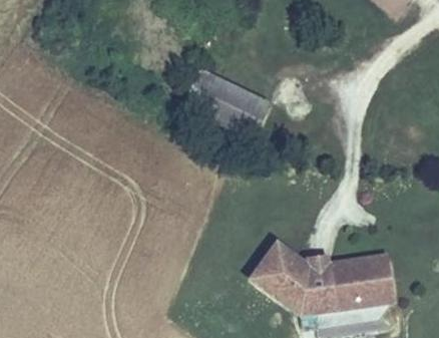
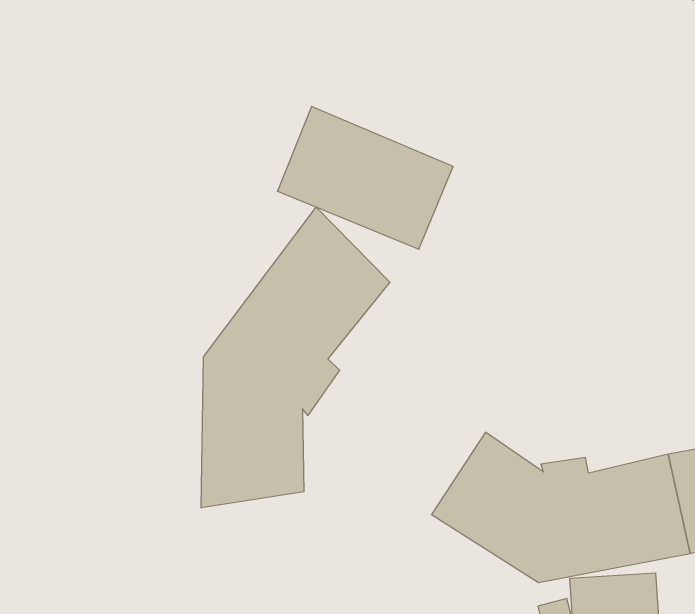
building: none -> [201,207,390,508]

